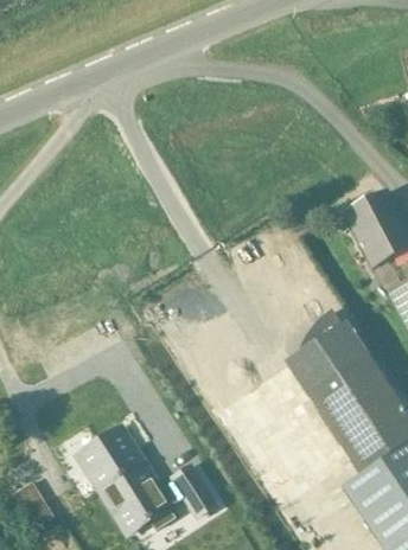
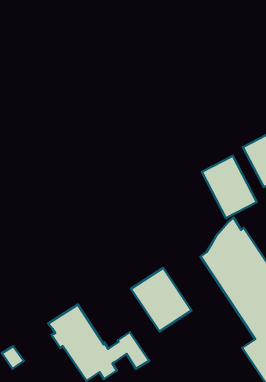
building: none -> [202,156,257,218]
building: none -> [131,268,192,332]

